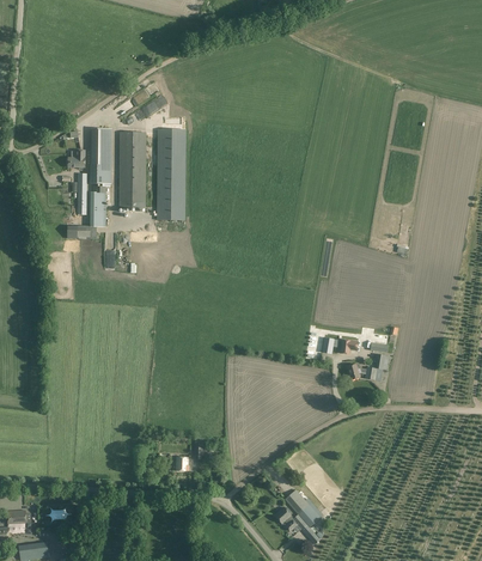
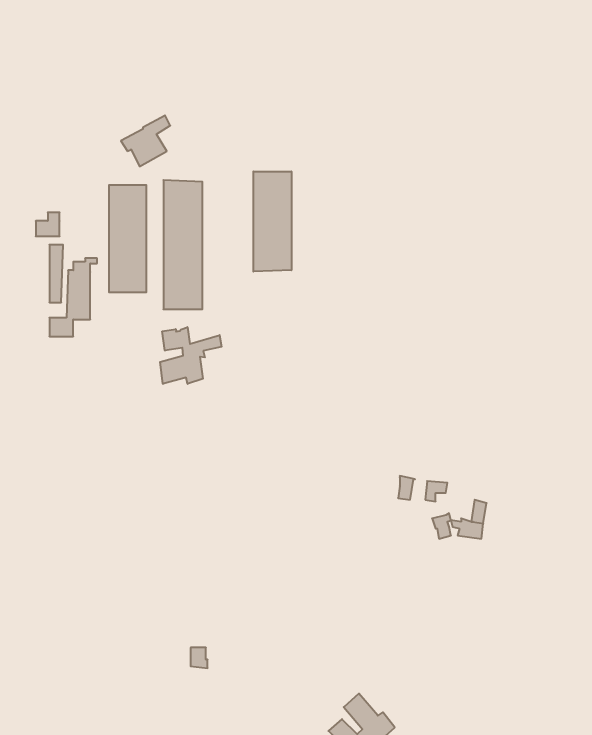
building: none -> [253,171,291,272]
building: [90,128,110,183] -> none
building: none -> [160,327,222,384]

